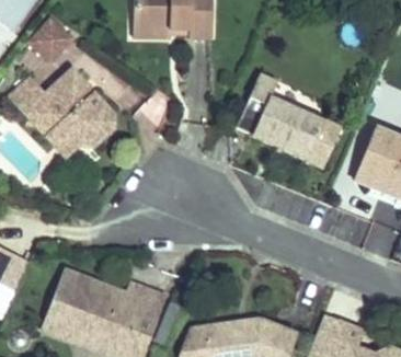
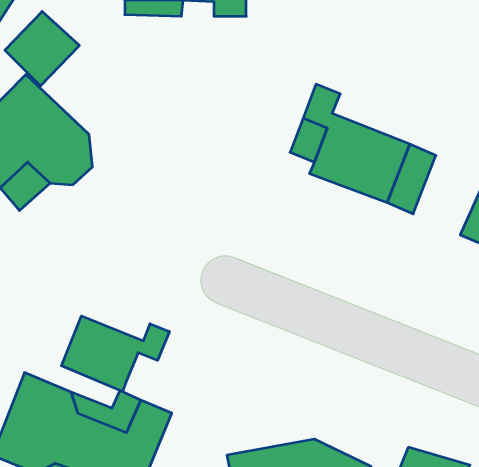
building: none -> [61,316,169,392]

